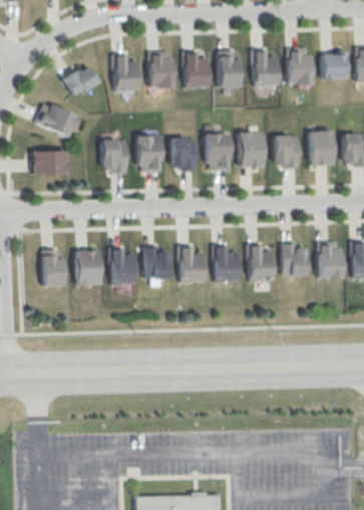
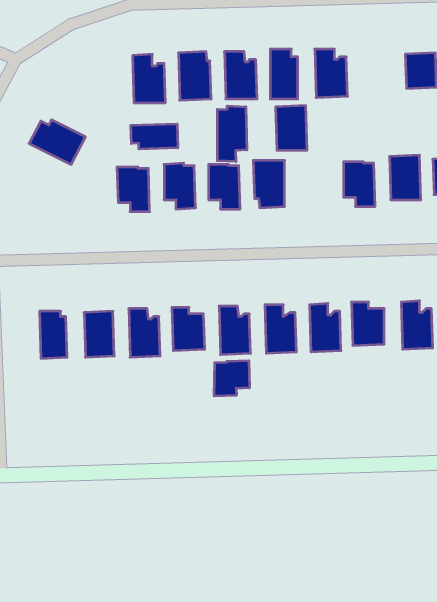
building: [287,48,312,85] -> none
building: [62,66,98,93] -> none
building: none -> [217,106,247,162]
building: none -> [131,124,178,149]
building: [240,133,264,167] -> [276,106,307,150]
building: [32,150,67,175] -> none
building: none -> [214,361,249,396]

